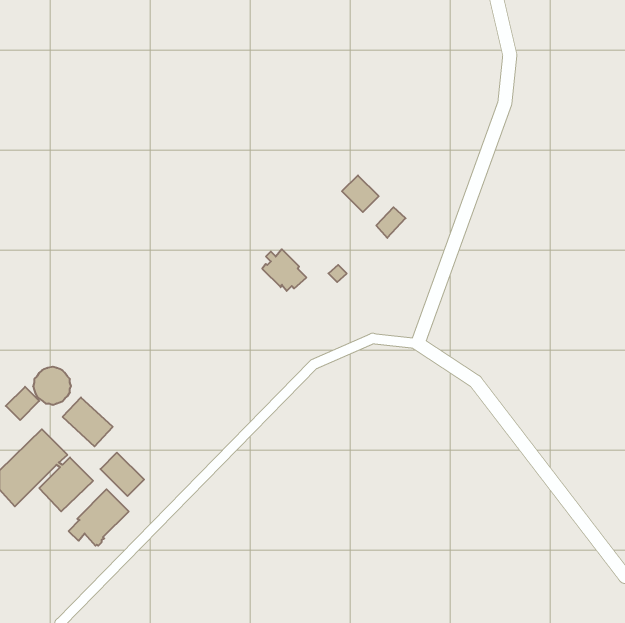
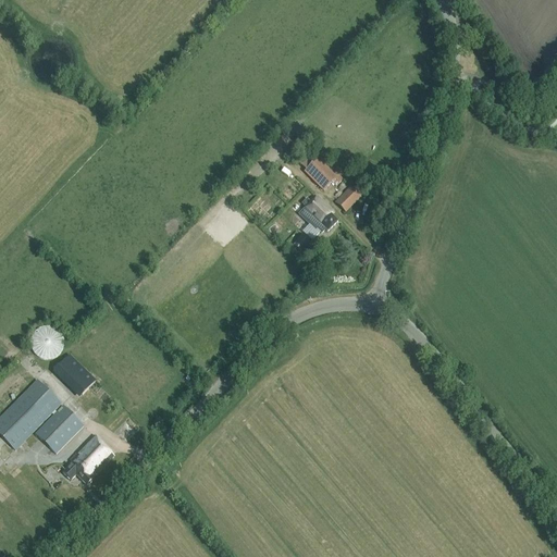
building: [262,249,306,291] -> [298,195,337,232]
building: [6,387,39,420] -> none
building: [100,453,144,496] -> none

